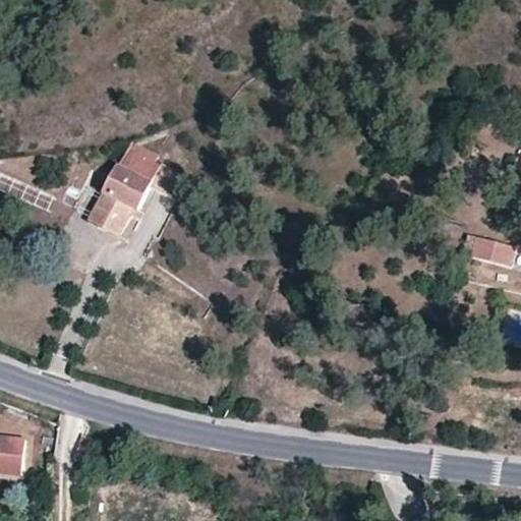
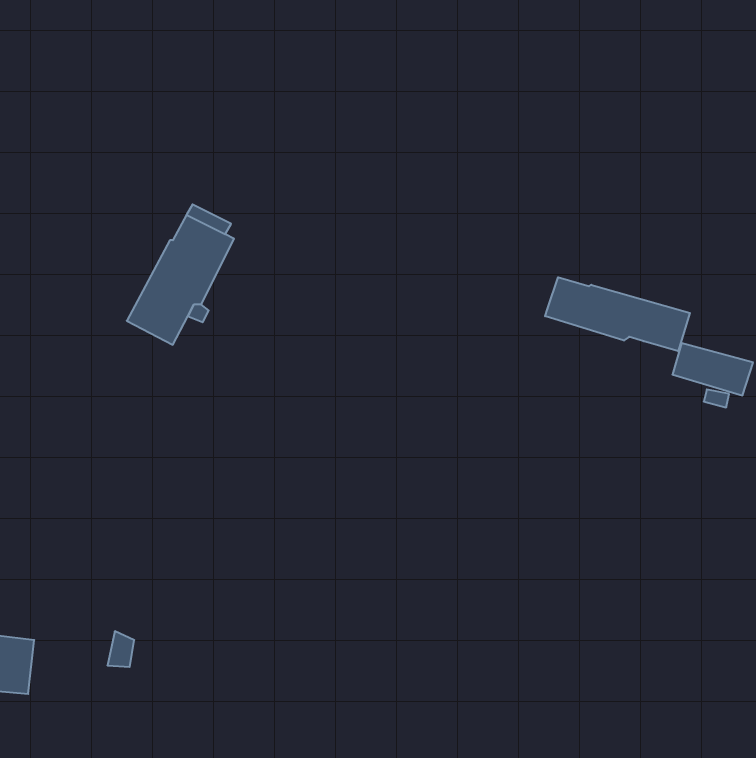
building: none -> [545,277,690,351]

